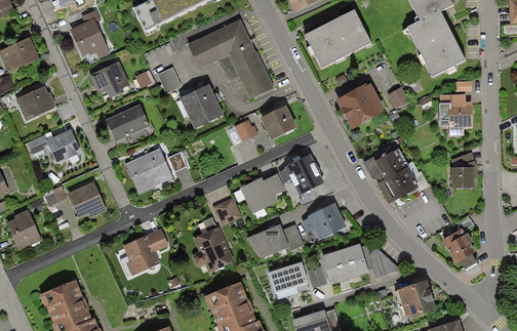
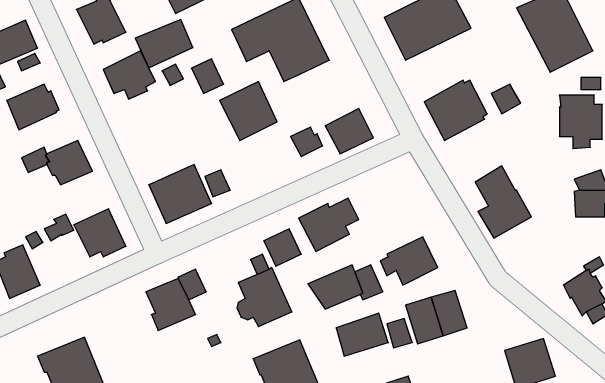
building: [239,68,272,99] -> none
building: [105,105,149,141] -> [135,20,193,68]
building: [278,154,323,195] -> none
building: [368,249,400,277] -> none

